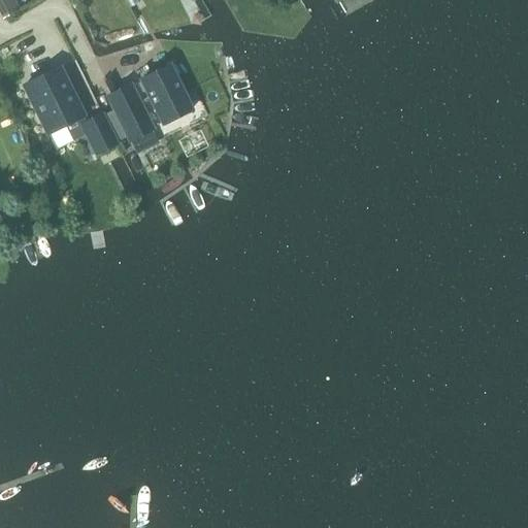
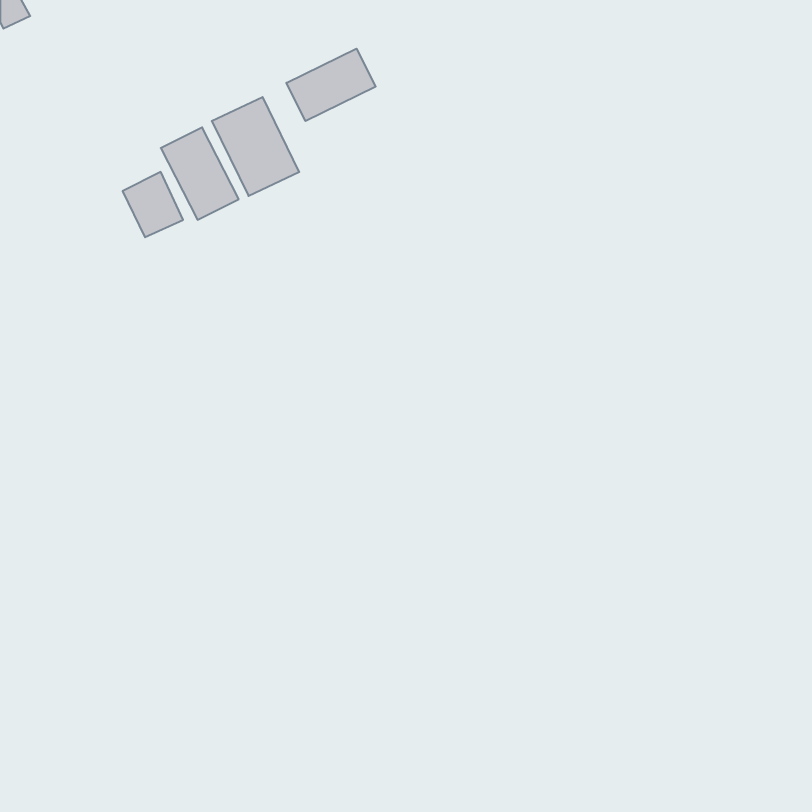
building: none -> [286,49,376,121]
building: [23,65,87,136] -> none

